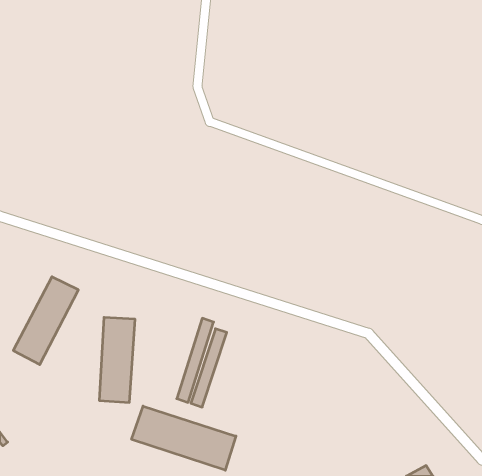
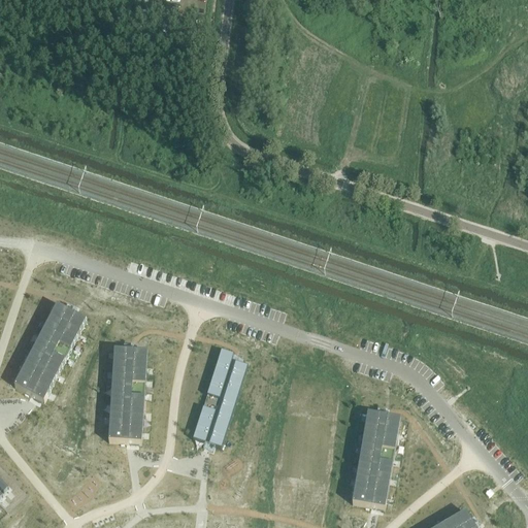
building: none -> [352,409,400,505]
building: [132,406,236,470] -> none

